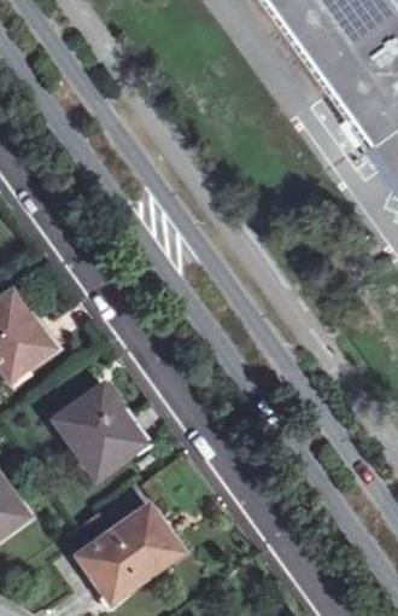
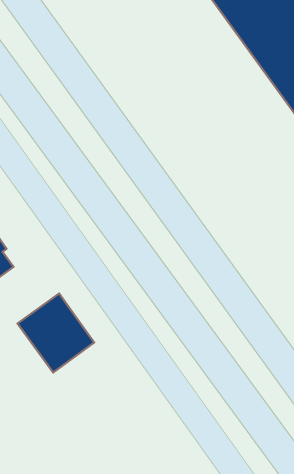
building: [86,502,185,591] -> none

